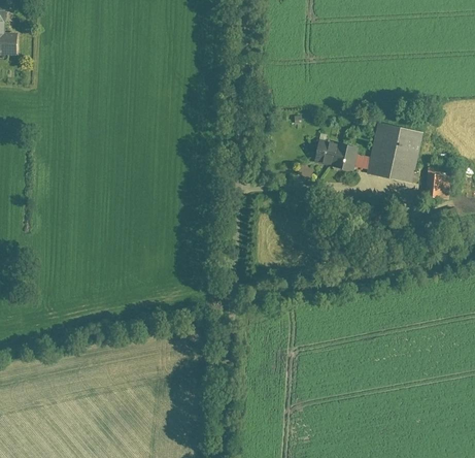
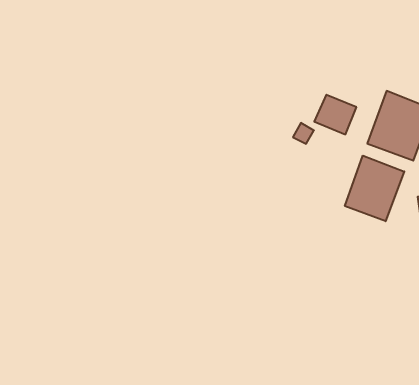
building: none -> [345,156,404,221]

